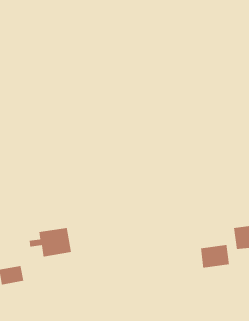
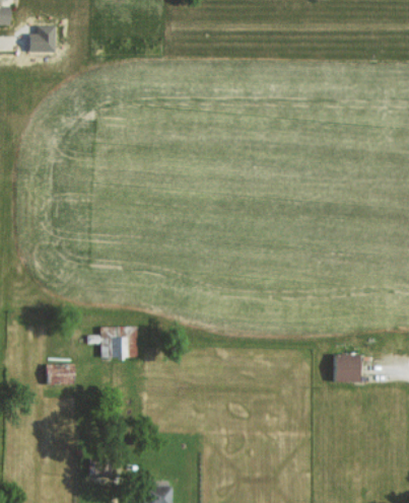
building: [200,244,229,268] -> none

